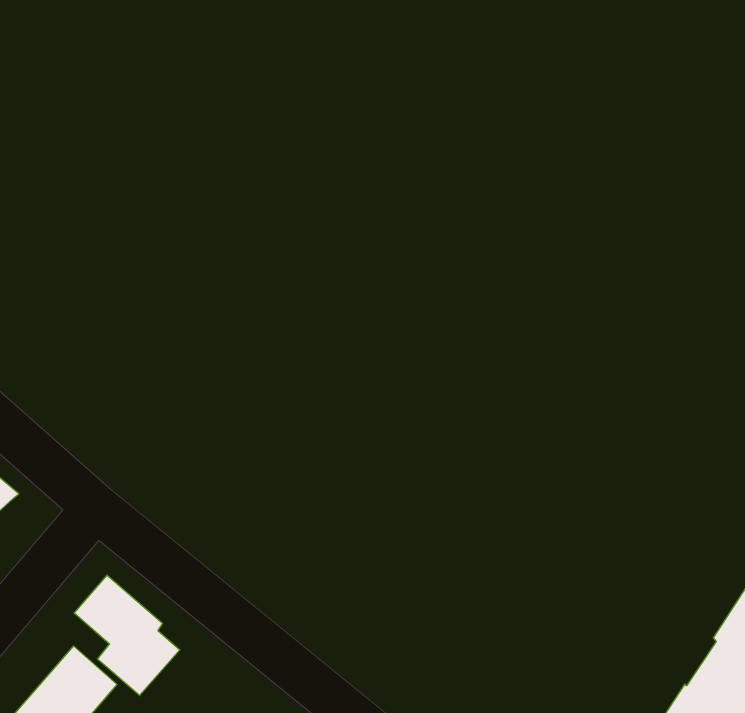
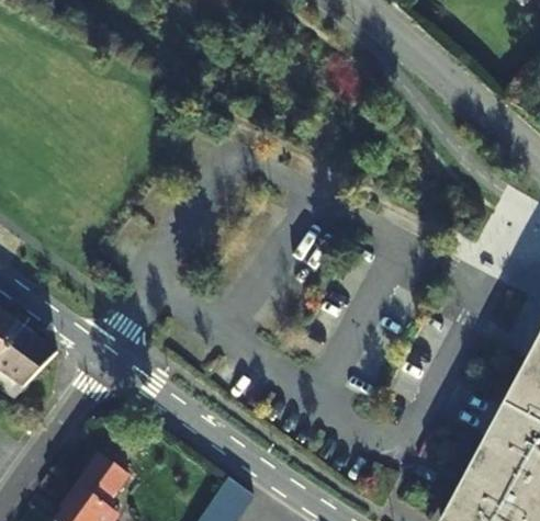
building: [74,575,180,696] -> none

